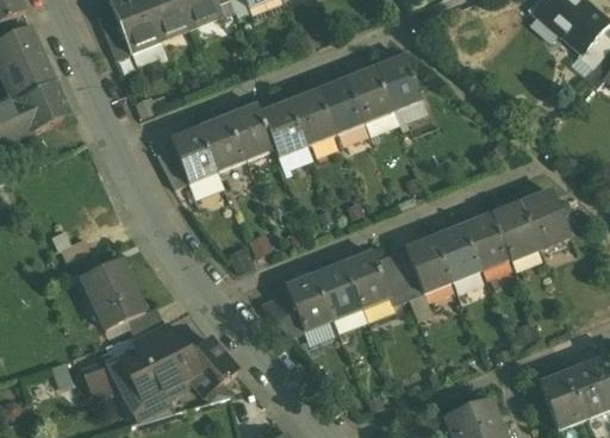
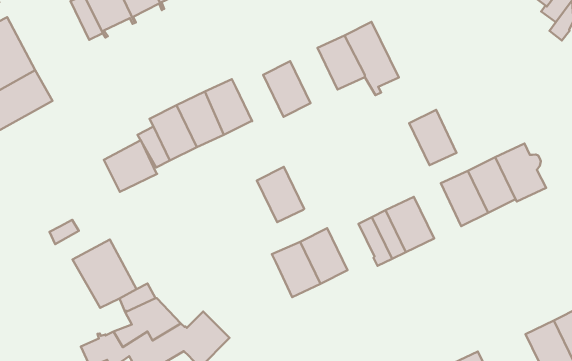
building: [317,77,363,133] -> none
building: [260,101,306,156] -> none
building: none -> [104,140,157,192]
building: [434,224,480,280] -> [409,110,457,165]
building: [343,250,390,306] -> [257,167,304,222]
building: [261,293,303,334] -> none

